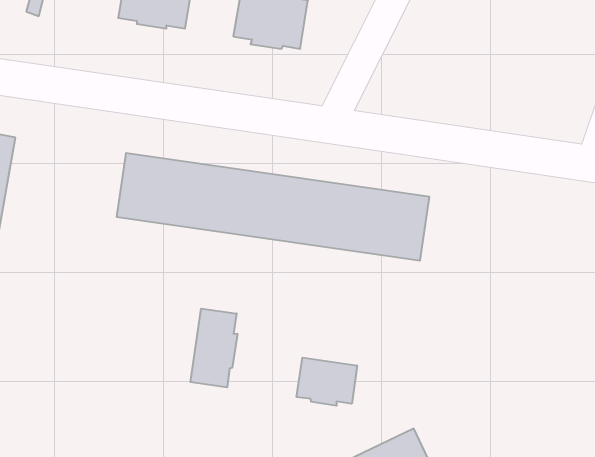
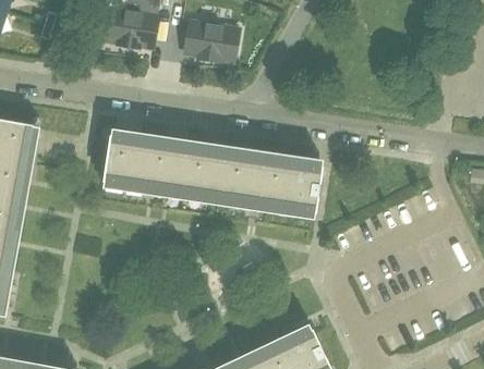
building: [190,309,237,387] -> none
building: [297,358,357,406] -> none

